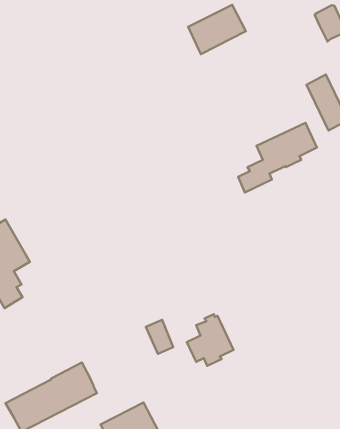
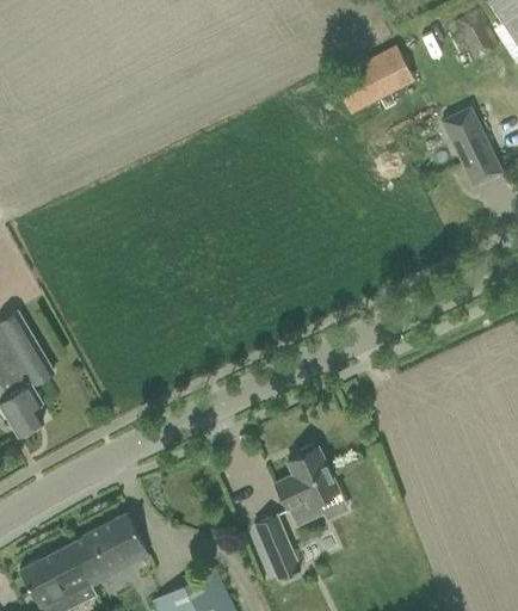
building: [188,5,246,54] -> [333,47,414,116]
building: [238,123,317,193] -> none
building: [146,320,173,354] -> [254,517,292,564]

